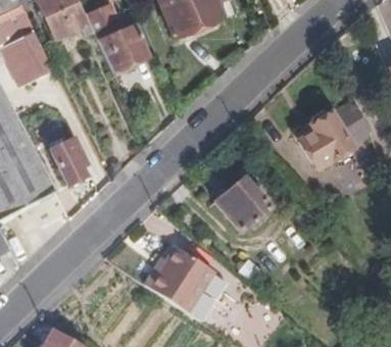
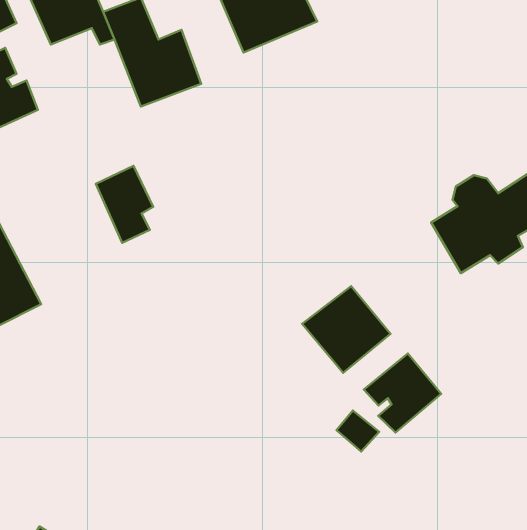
building: [49,136,85,184] -> [96,166,153,243]
building: none -> [364,354,441,433]
building: [142,246,212,313] -> none

